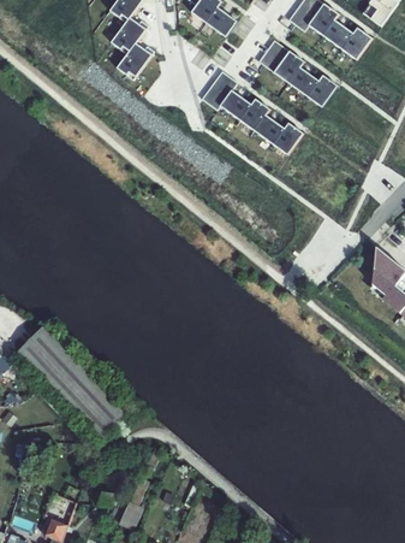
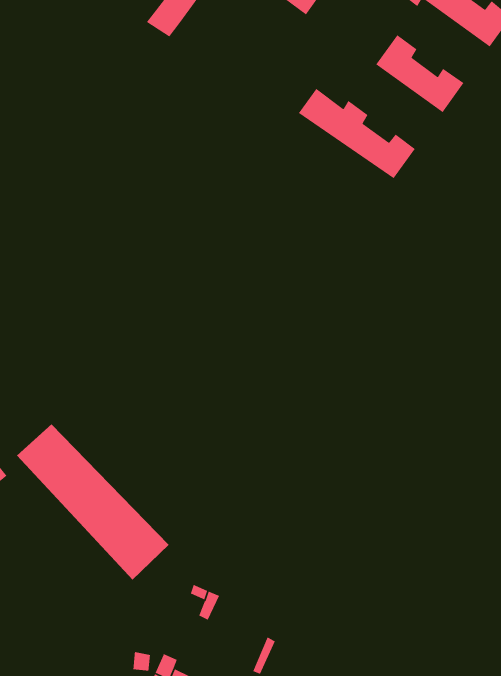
building: [257,37,288,71] -> none
building: [115,41,153,78] -> none
building: [198,71,234,111] -> none

